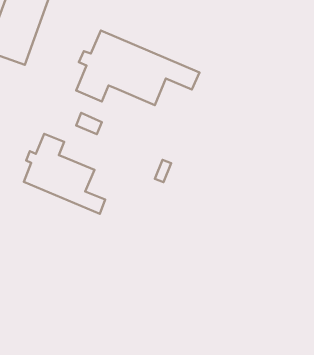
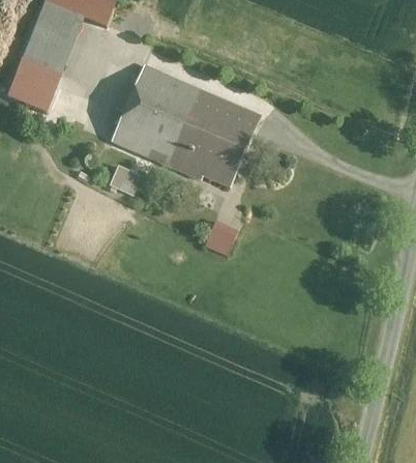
building: none -> [150,124,252,184]
building: [24,134,105,214] -> none

